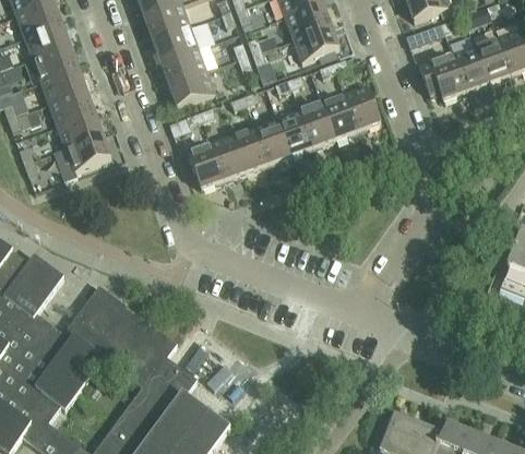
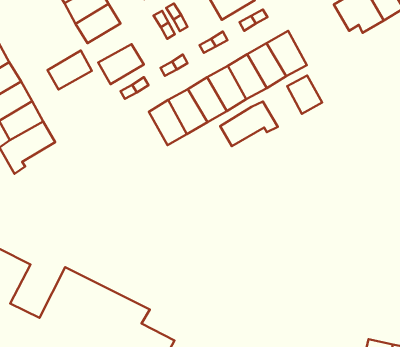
building: [160,47,205,83] -> [48,50,92,90]
building: none -> [287,76,322,114]
building: [187,142,224,188] -> none
building: none -> [220,101,278,146]

